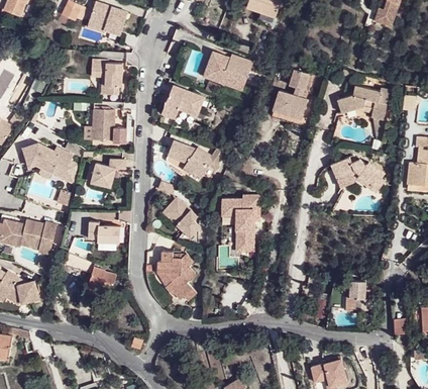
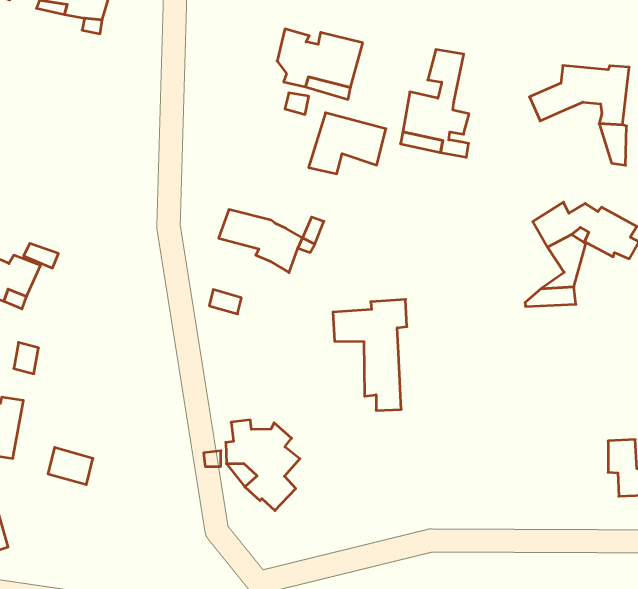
building: [91,58,123,93] -> none
building: [164,86,206,118] -> [309,113,386,174]
building: [92,108,127,142] -> none
building: [90,158,126,187] -> none
building: [164,196,202,237] -> none
building: [88,220,120,242] -> none
building: [88,268,116,293] -> none

